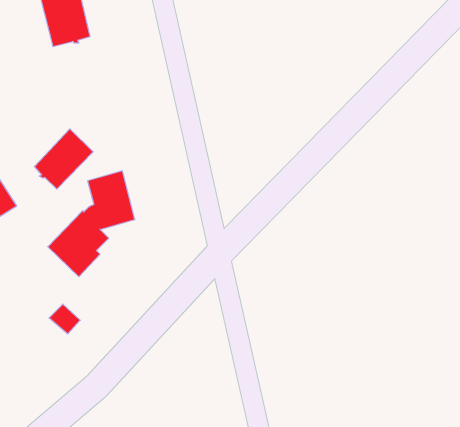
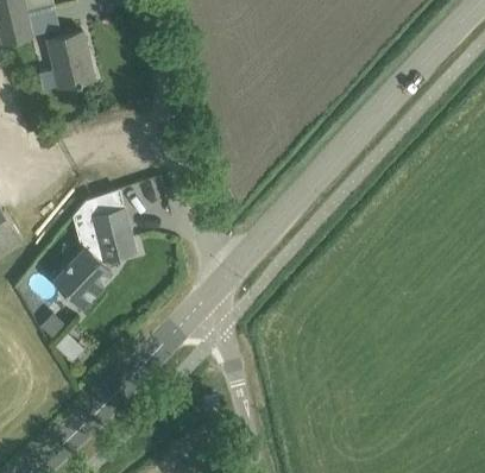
building: [34,129,93,189] -> none

